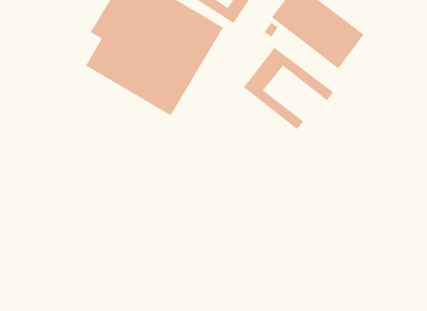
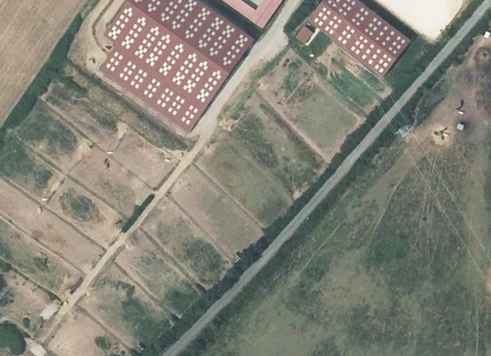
building: [243,47,334,130] -> none

